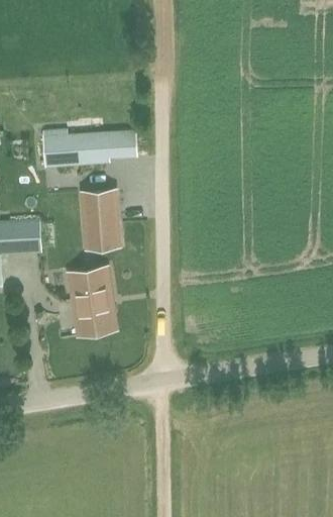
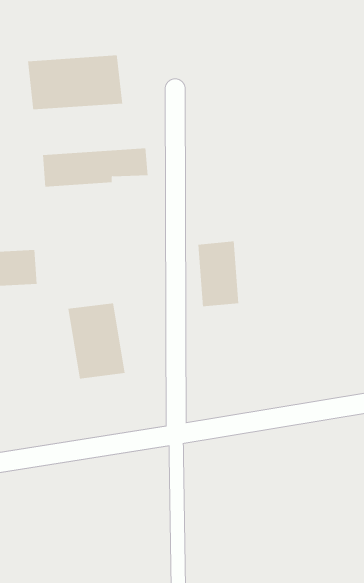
building: none -> [27,55,123,110]
building: [83,189,119,246] -> [197,241,239,307]

